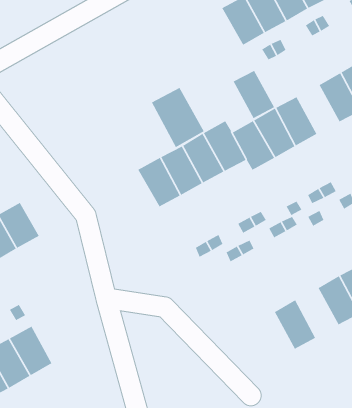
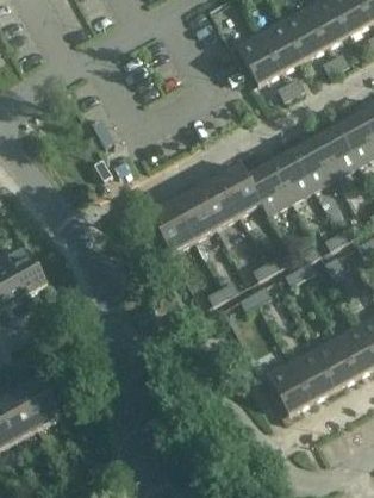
building: [233,70,275,119] -> [314,125,359,176]
building: [151,87,205,148] -> none
building: none -> [313,336,357,388]
building: none -> [267,361,312,413]

